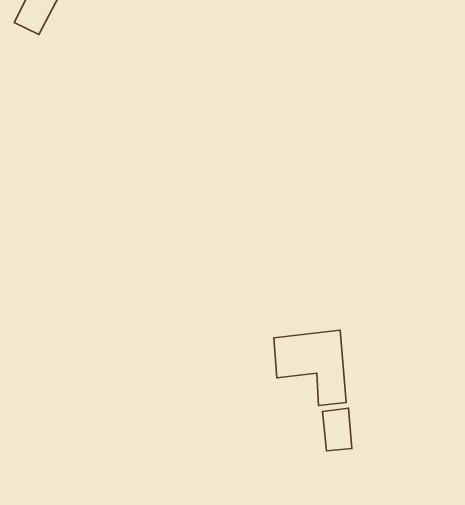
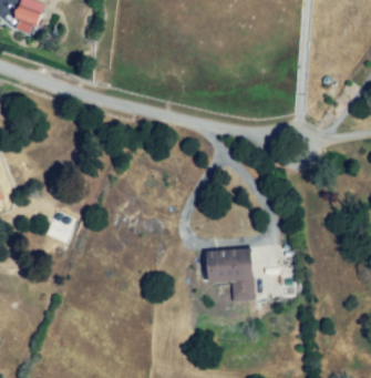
building: [323,408,352,451] -> none

